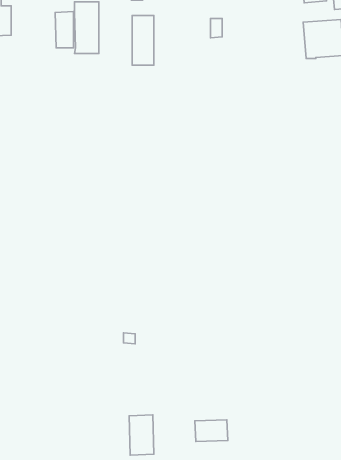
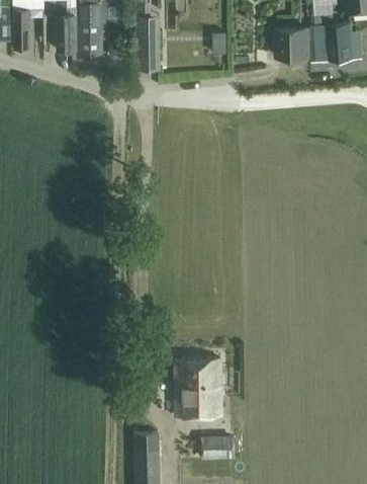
building: none -> [14,9,32,49]
building: none -> [276,28,310,58]
building: none -> [176,358,221,416]

